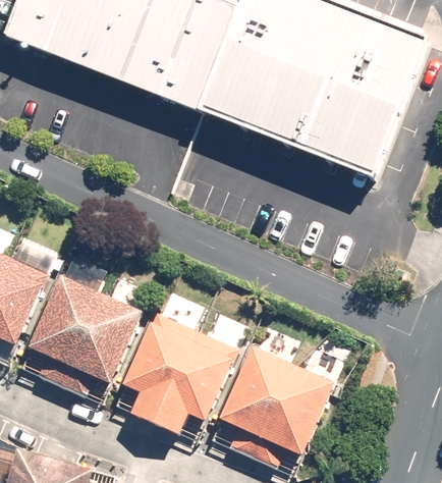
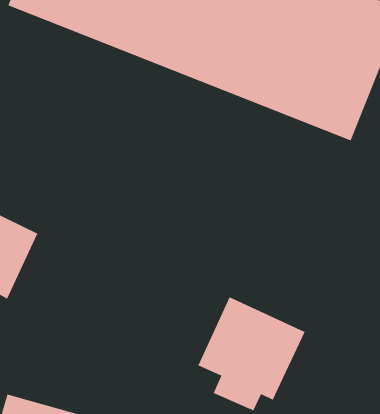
building: [20,272,140,397] -> none
building: [117,310,233,438] -> none

